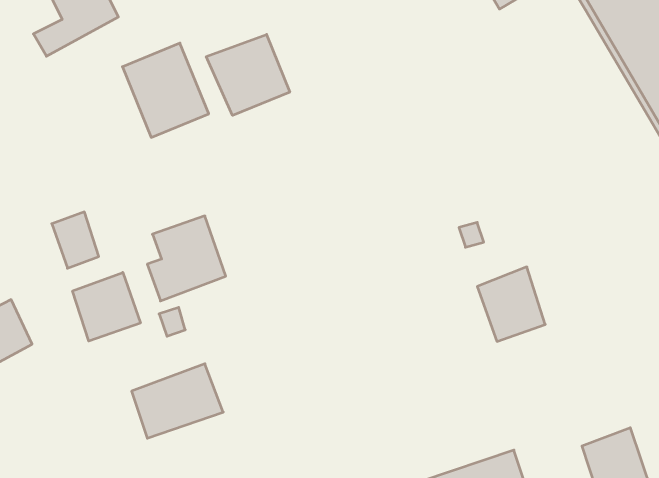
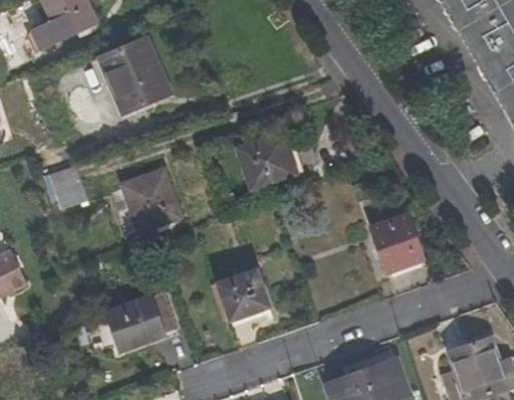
building: [206,34,290,115] -> none
building: none -> [233,137,293,195]
building: [73,272,140,341] -> none
building: none -> [216,268,268,319]

